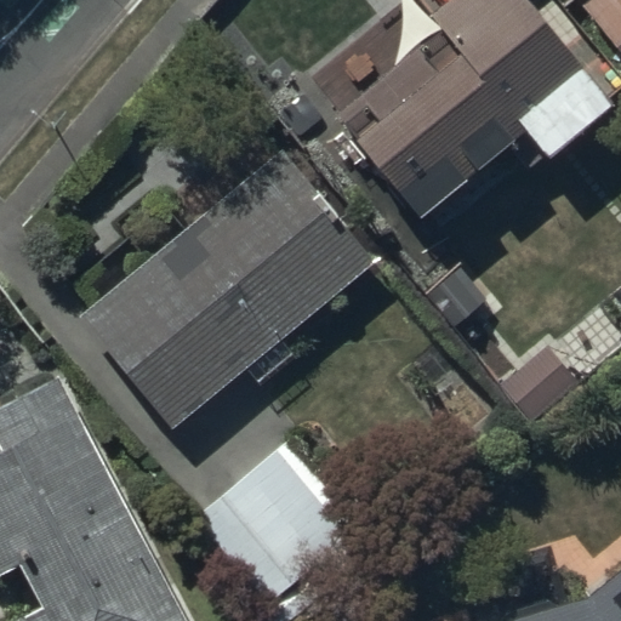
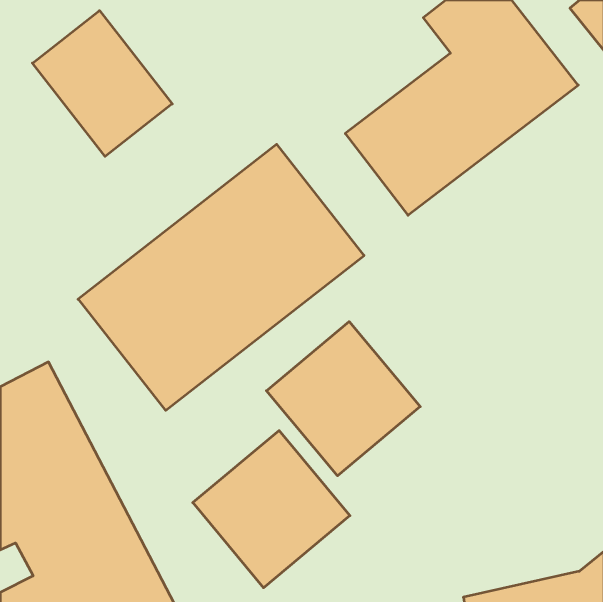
building: none -> [32,11,172,156]
building: none -> [266,322,420,476]

